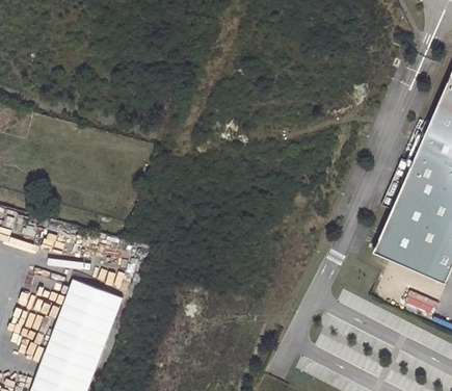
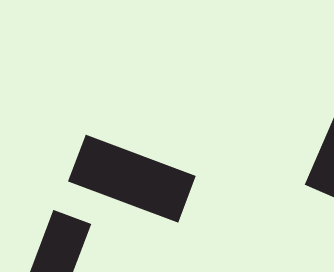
building: none -> [67,134,197,224]

